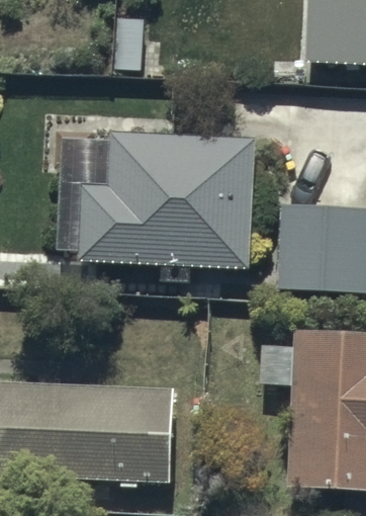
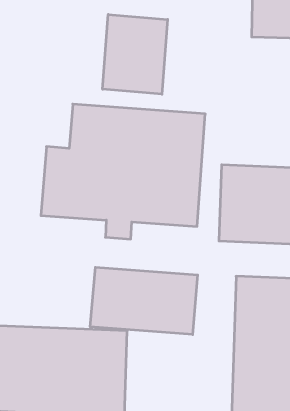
building: none -> [103,14,168,94]
building: none -> [90,267,198,335]

